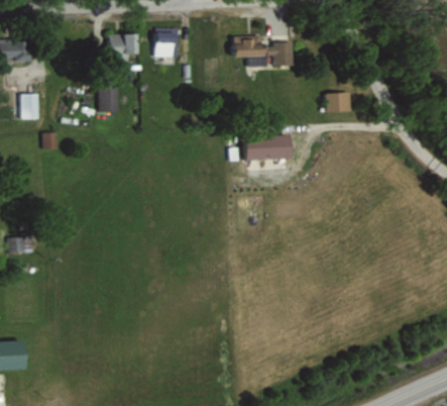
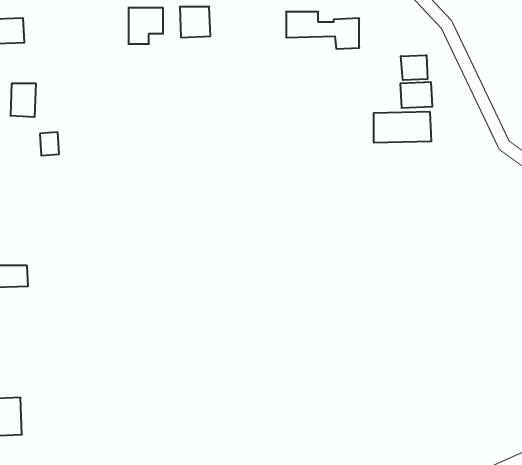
building: none -> [401,55,427,80]
building: [96,89,118,111] -> none
building: [246,135,292,160] -> [374,112,431,143]

